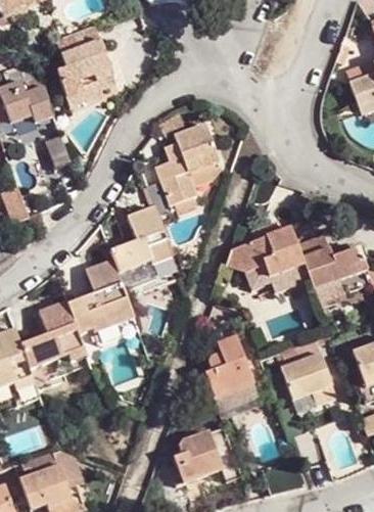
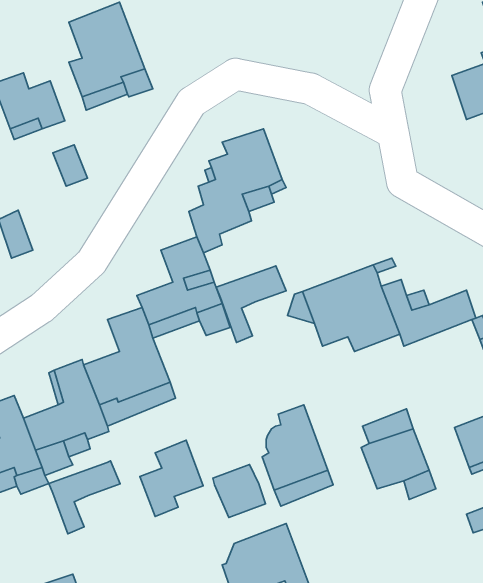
building: none -> [216,266,286,343]
building: none -> [140,440,203,516]
building: none -> [49,461,120,534]
building: none -> [213,464,265,517]

